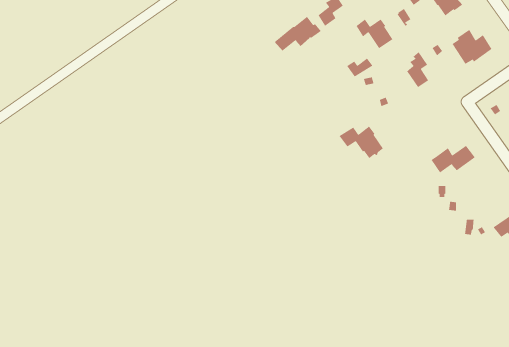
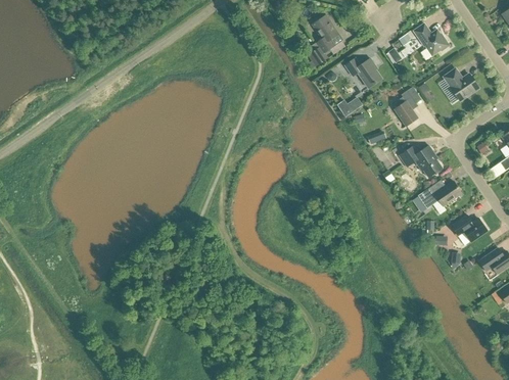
building: [274,16,322,52] -> none
building: [339,125,384,159] -> [399,144,443,177]
building: none -> [451,213,487,240]

